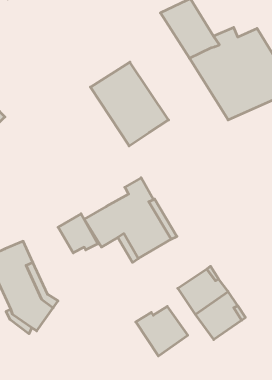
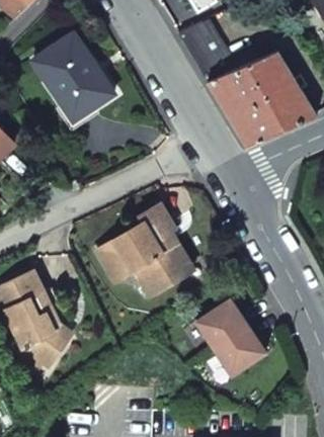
building: [90,62,169,146] -> [32,32,114,120]
building: [58,214,98,253] -> none
building: [136,306,188,356] -> none

